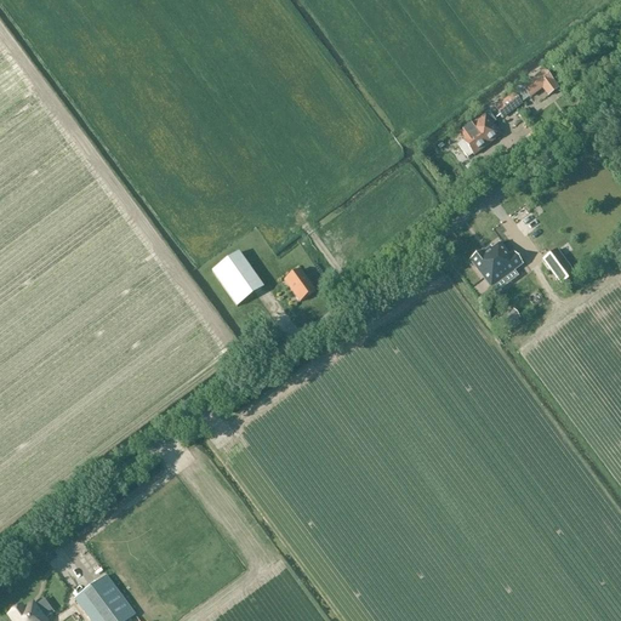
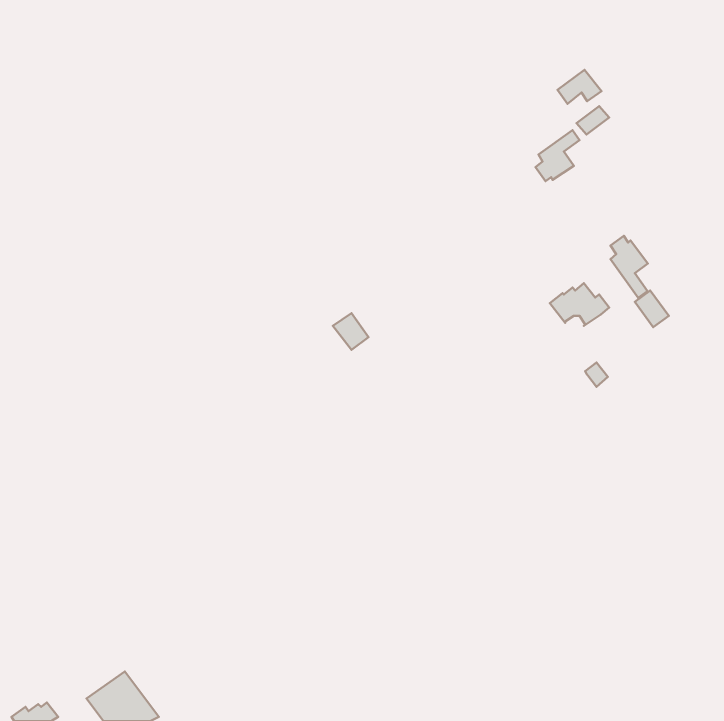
building: [522,68,559,97] -> [557,70,601,104]
building: none -> [610,236,648,298]
building: [212,252,263,306] -> none

